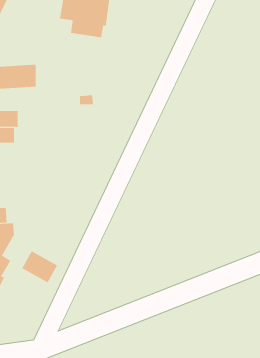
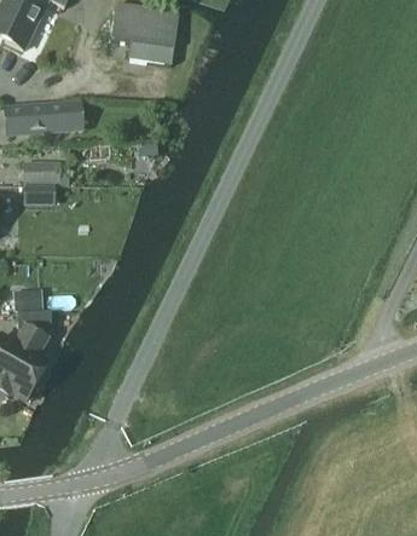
building: [21,250,58,283] -> none

